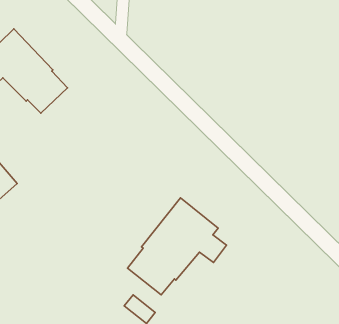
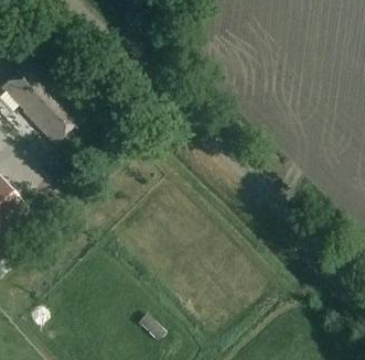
building: [128,198,227,295] -> none

